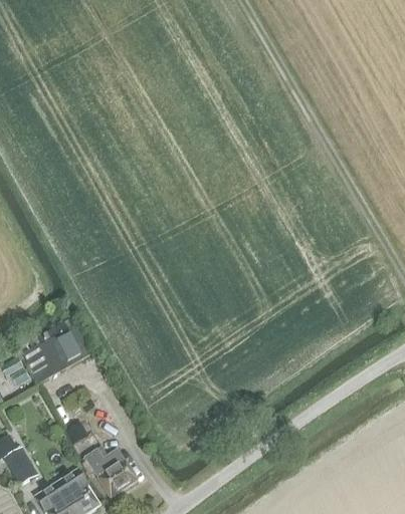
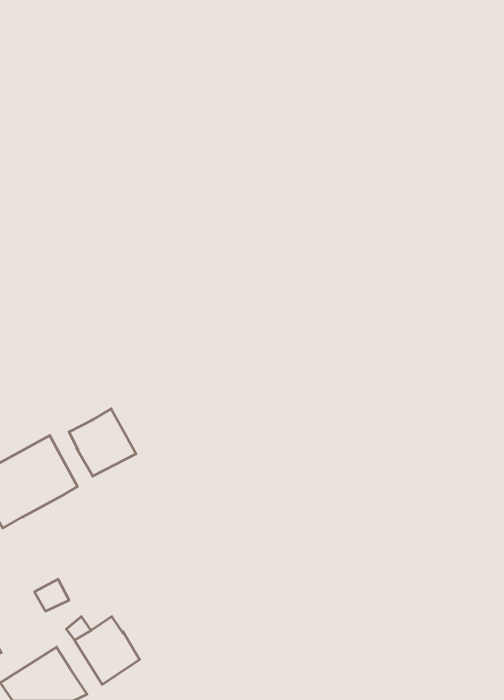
building: none -> [69,409,136,476]

